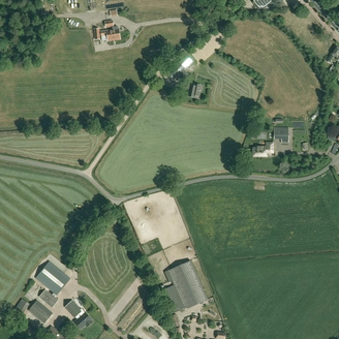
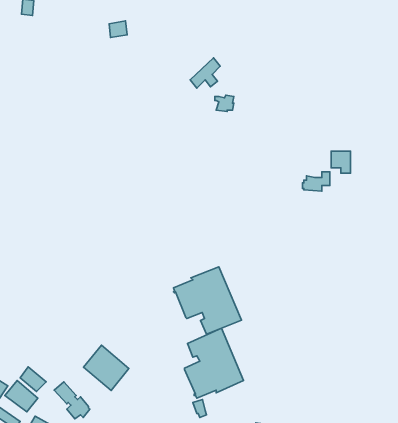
building: none -> [173,267,242,334]
building: [36,260,70,295] -> [84,345,129,391]

